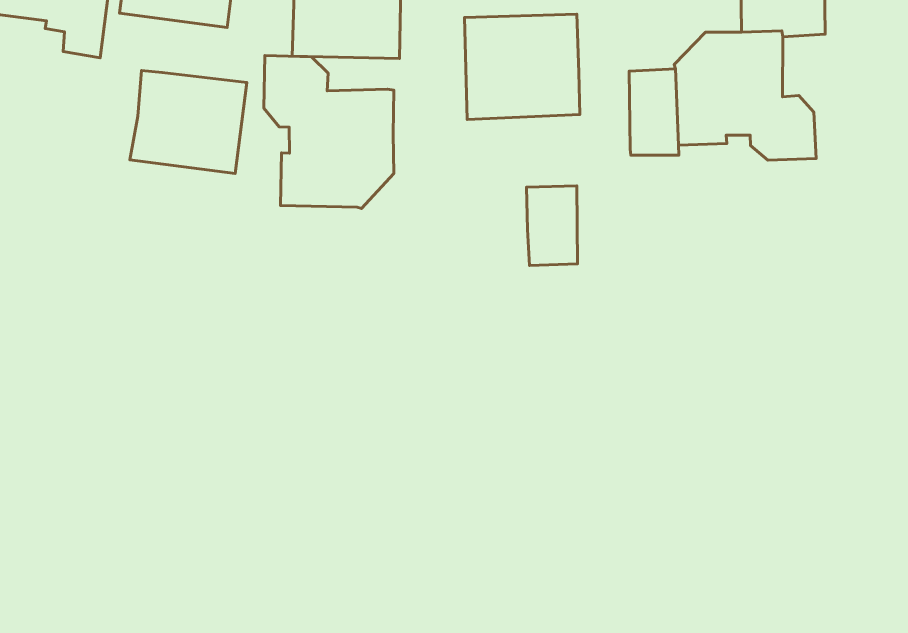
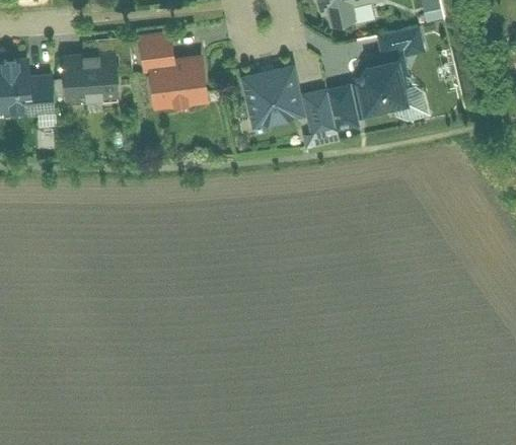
building: [264,55,394,209] -> none
building: [130,70,247,174] -> none
building: [527,186,578,266] -> [300,89,333,134]

